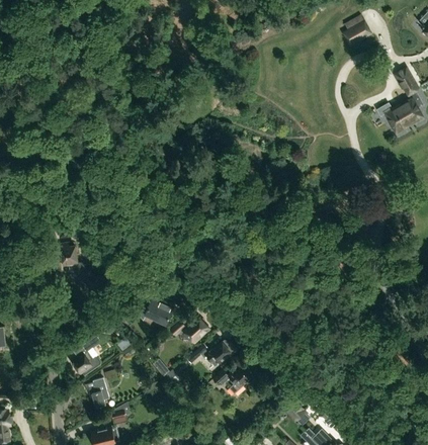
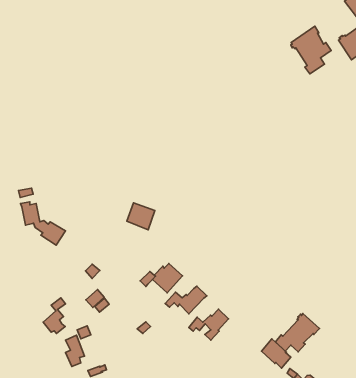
building: none -> [291,26,331,74]
building: [145,298,173,326] -> [127,203,155,230]
building: none -> [275,314,319,352]

